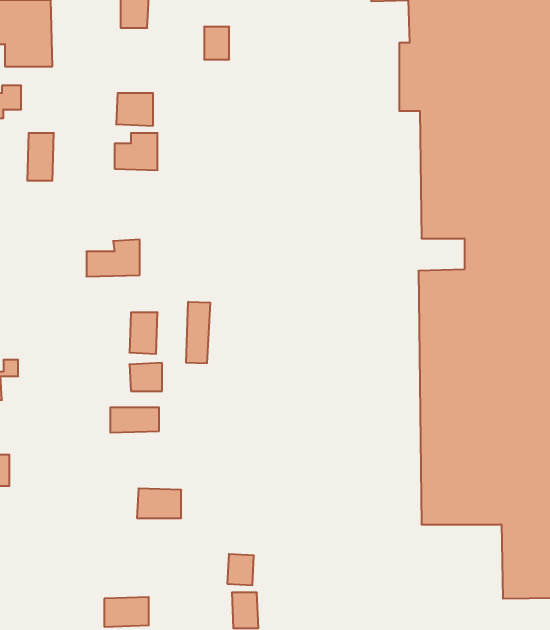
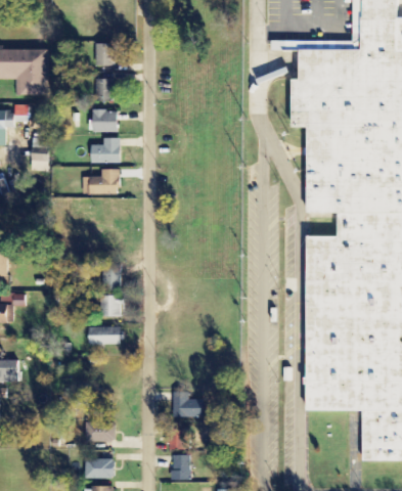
building: [204,27,229,59] -> [97,80,115,102]
building: [86,240,140,277] -> [84,170,121,195]
building: [186,302,210,363] -> none
building: [137,488,181,518] -> [86,422,117,443]
building: none -> [175,393,206,418]

